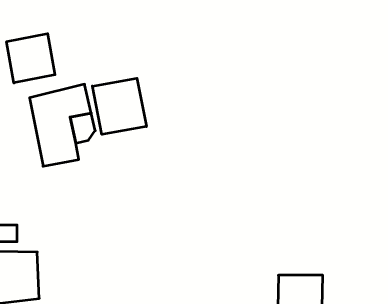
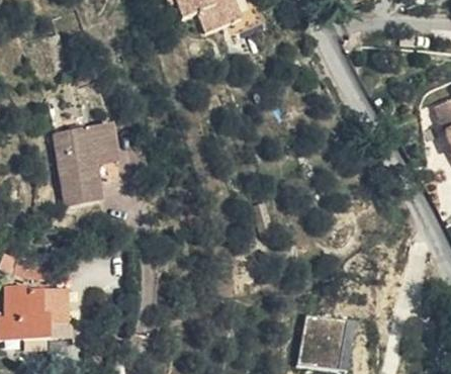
building: [7,34,55,83] -> none
building: [92,78,146,134] -> none

